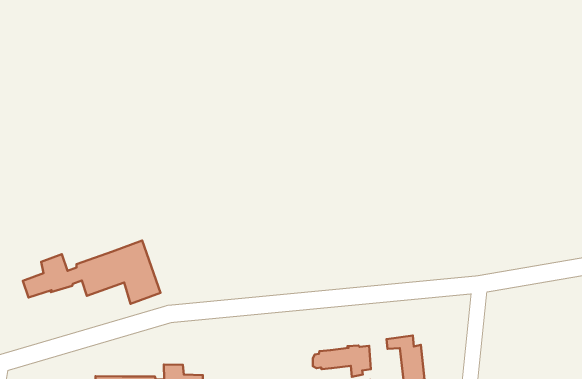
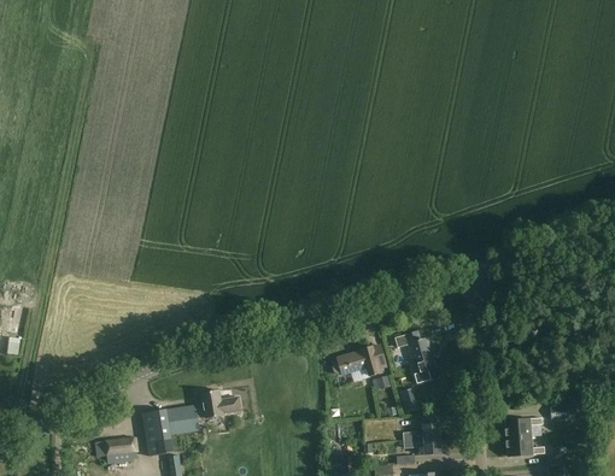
building: [23,240,160,304] -> none

